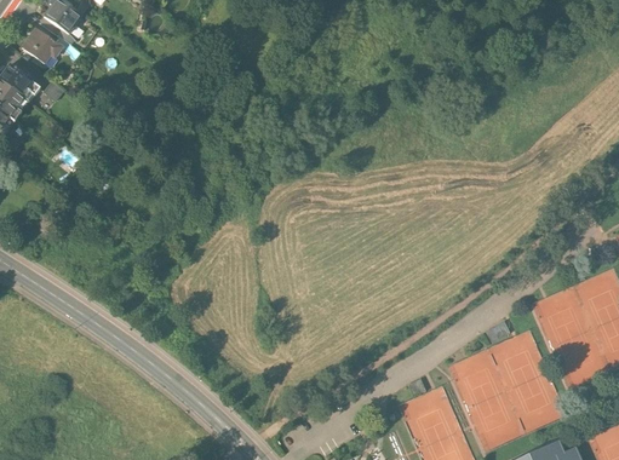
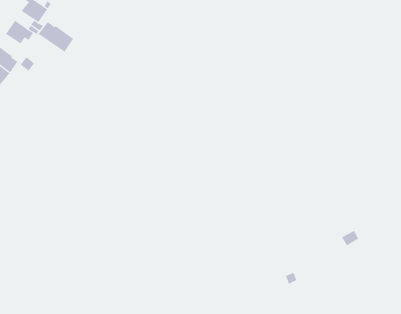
building: none -> [38,21,74,53]

